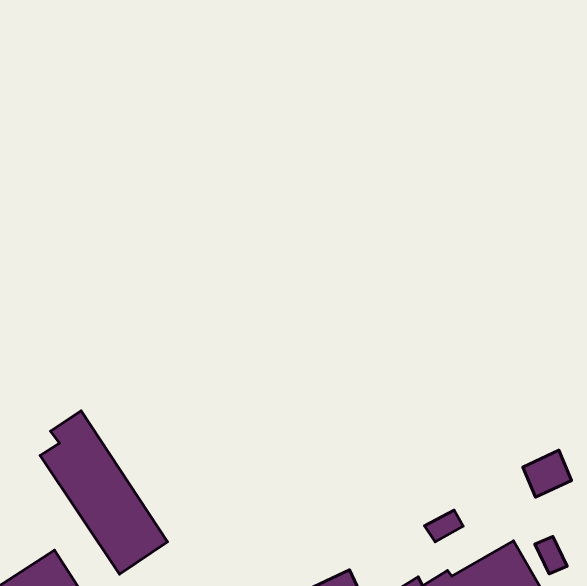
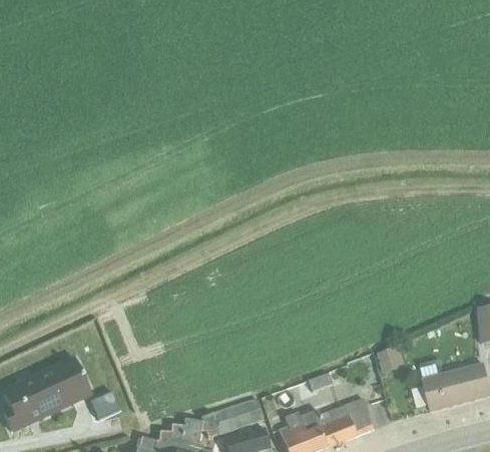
building: [40,411,167,574] -> none

